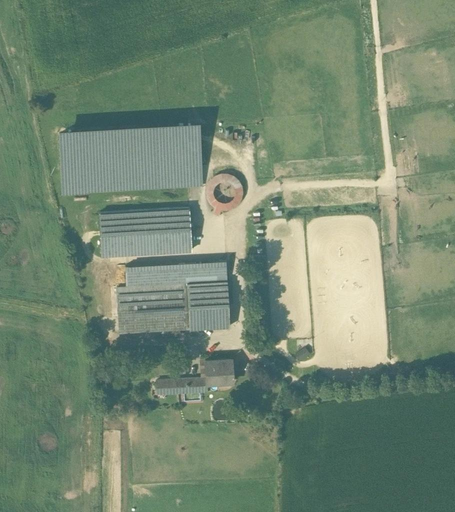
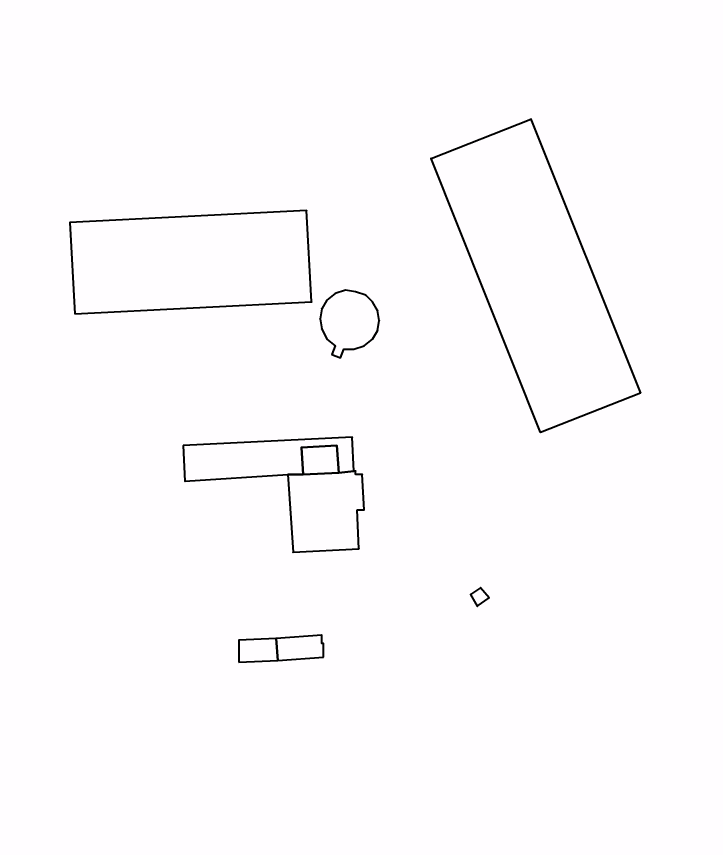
building: none -> [431,119,640,432]
building: [99,209,192,256] -> none
building: [117,284,191,334] -> none
building: [207,360,234,384] -> none

